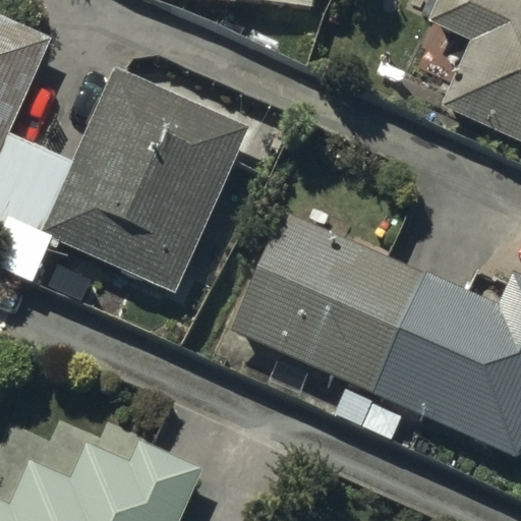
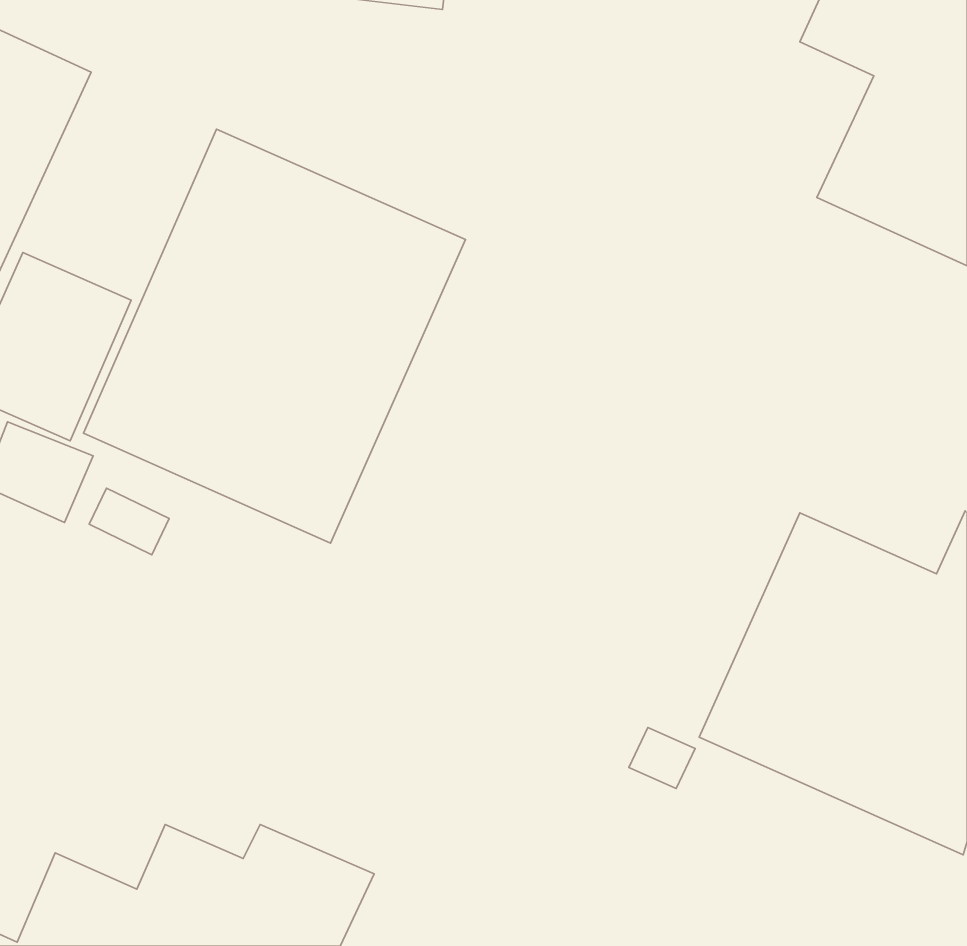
building: [232,212,424,391] -> none

